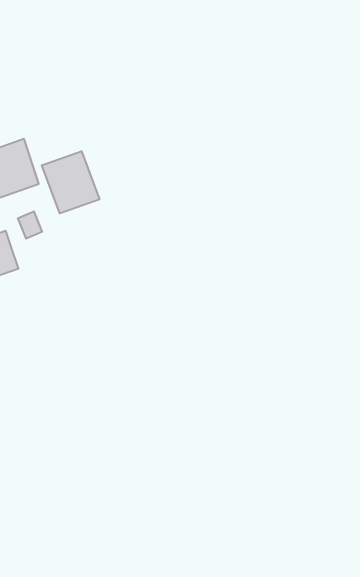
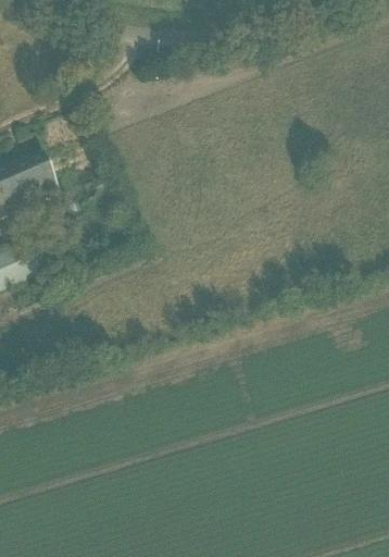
building: [42,151,99,213] -> none

